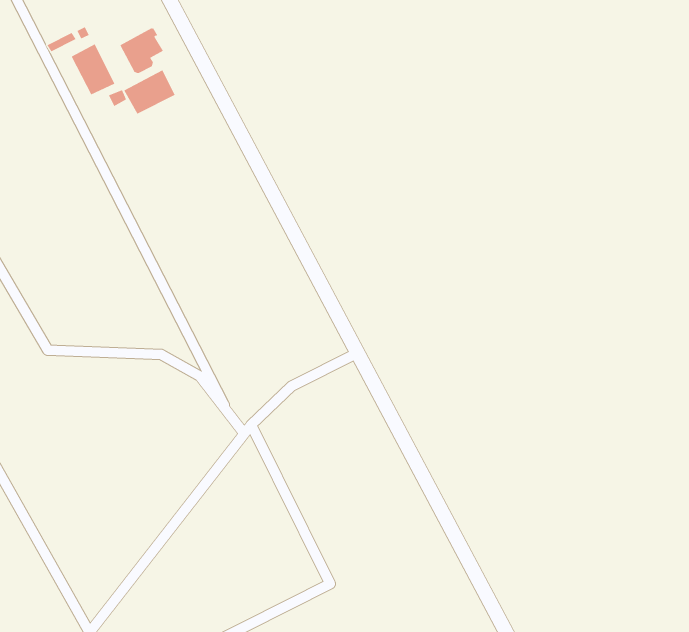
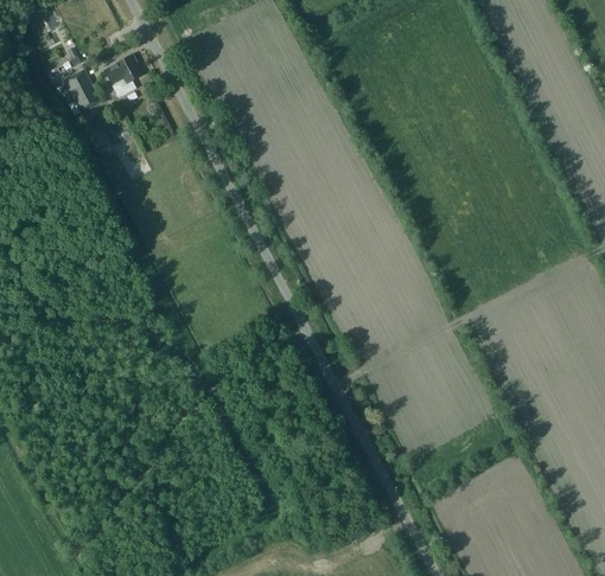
building: [123,69,175,115] -> none

